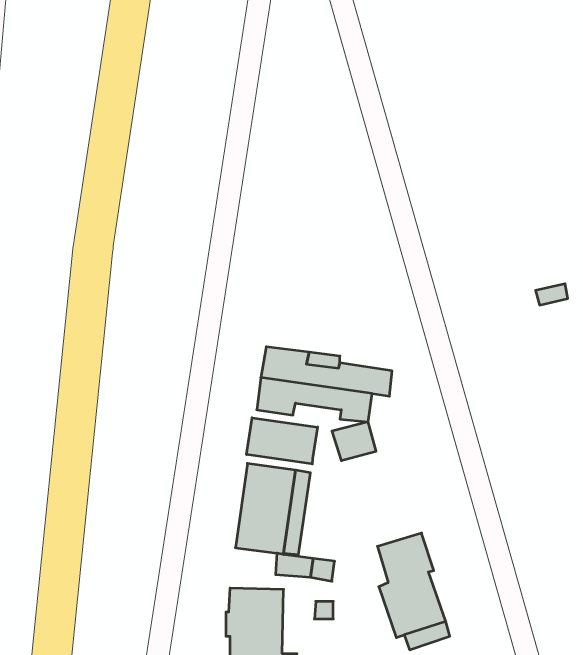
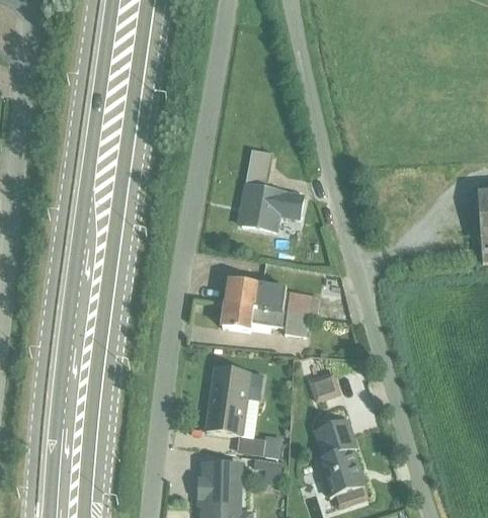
building: none -> [241,150,303,231]
building: [247,418,318,464] -> none
building: [332,422,376,461] -> [307,371,340,401]

